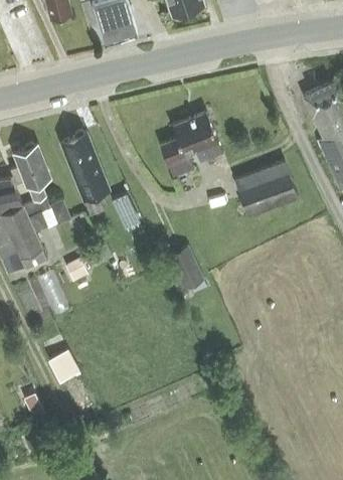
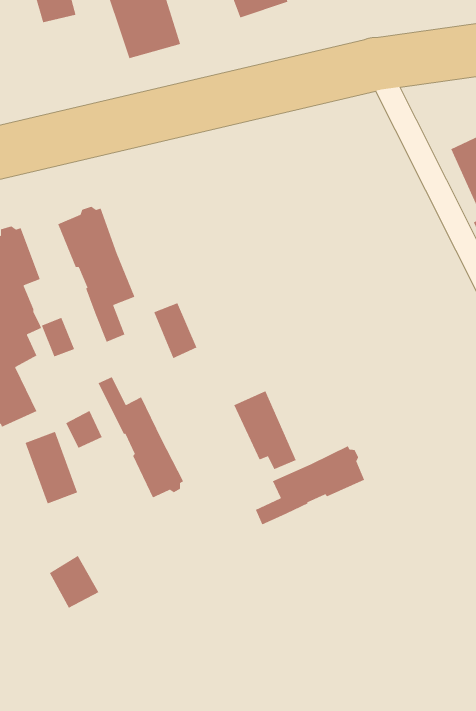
building: [159,112,222,178] -> none
building: [233,162,298,217] -> none
building: none -> [98,376,184,498]
building: none -> [255,445,365,526]

